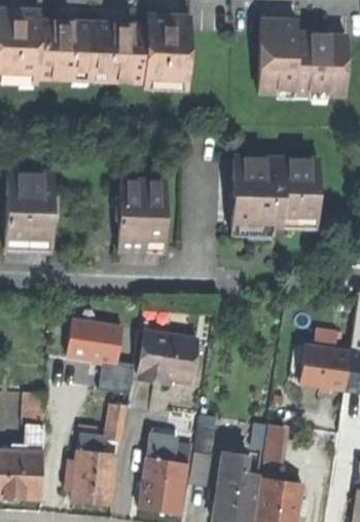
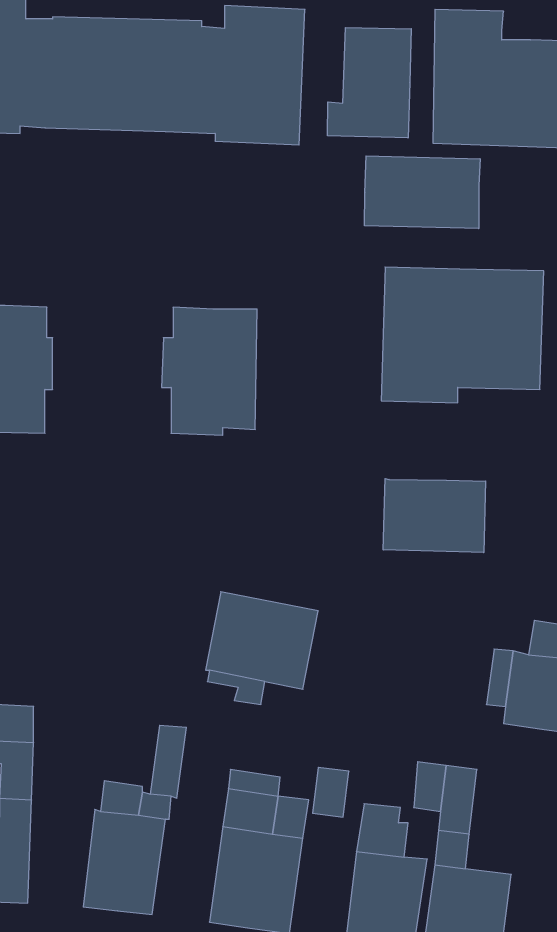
building: none -> [328,28,411,138]
building: none -> [365,156,480,229]
building: none -> [383,479,486,553]
building: [64,310,132,385] -> none

